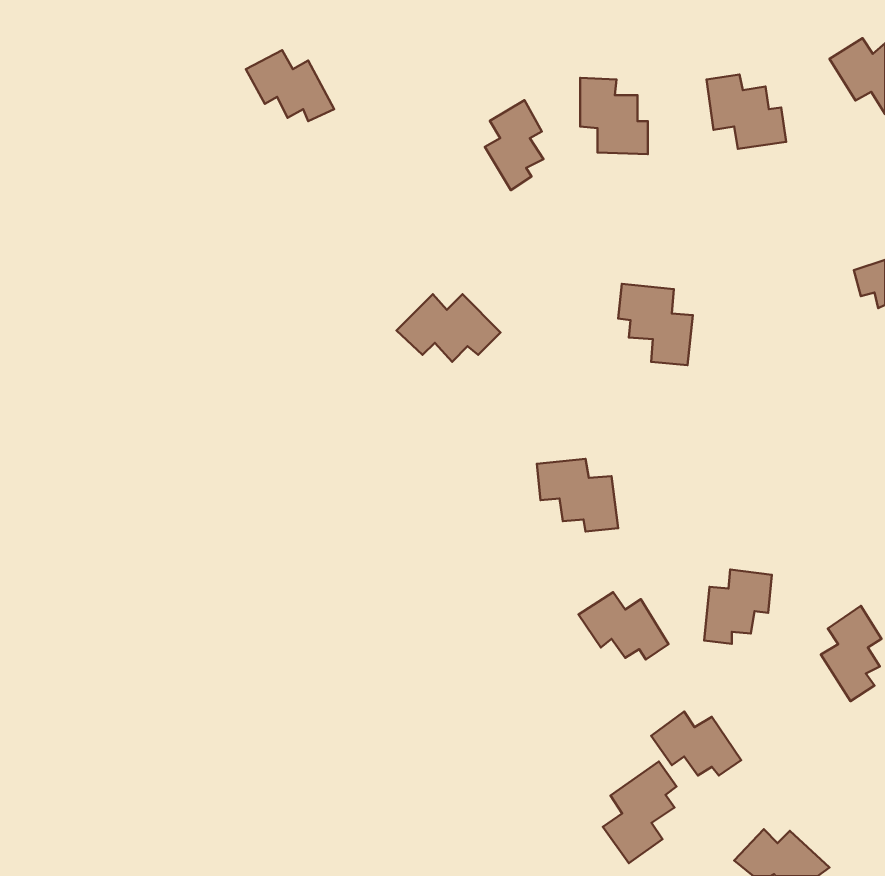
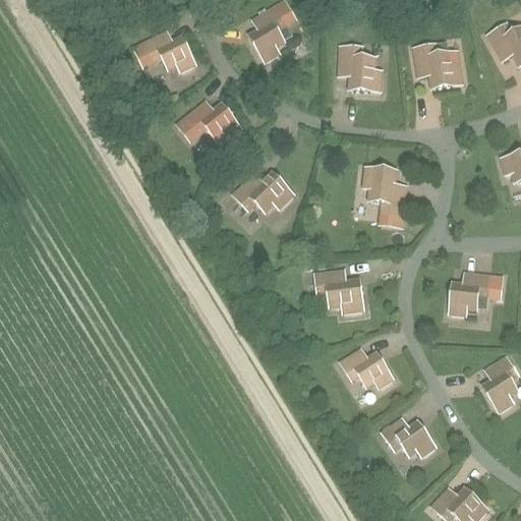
building: [485,100,544,190] -> [250,7,285,60]
building: none -> [186,101,241,139]
building: [704,569,772,644] -> [450,272,489,315]
building: [603,761,677,863] -> none

